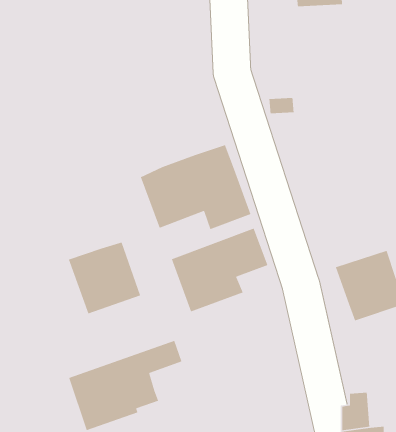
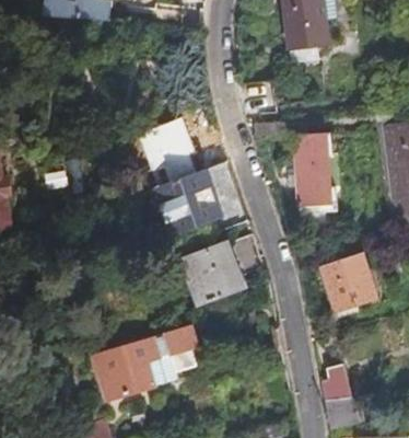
building: none -> [142,117,200,181]
building: none -> [293,132,342,212]
building: [68,242,141,315] -> none

